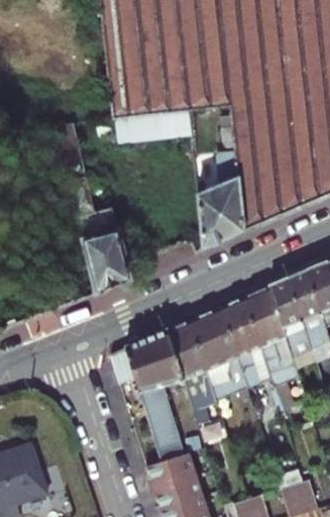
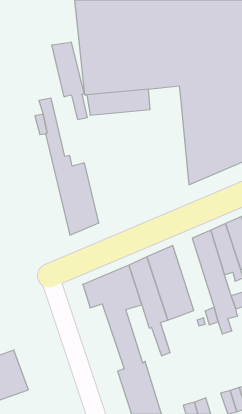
building: none -> [52,42,87,120]
building: [198,126,242,247] -> none
building: [222,297,271,387] -> none

